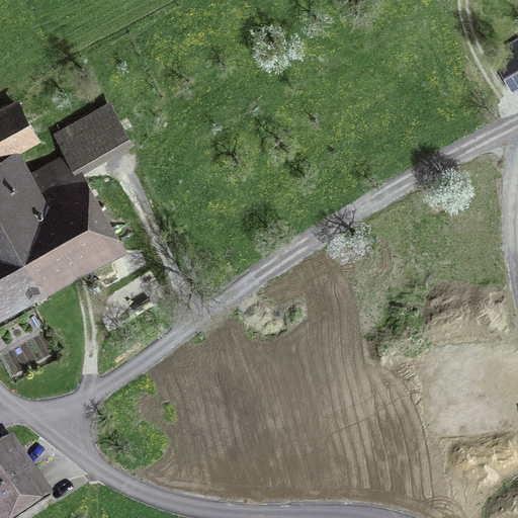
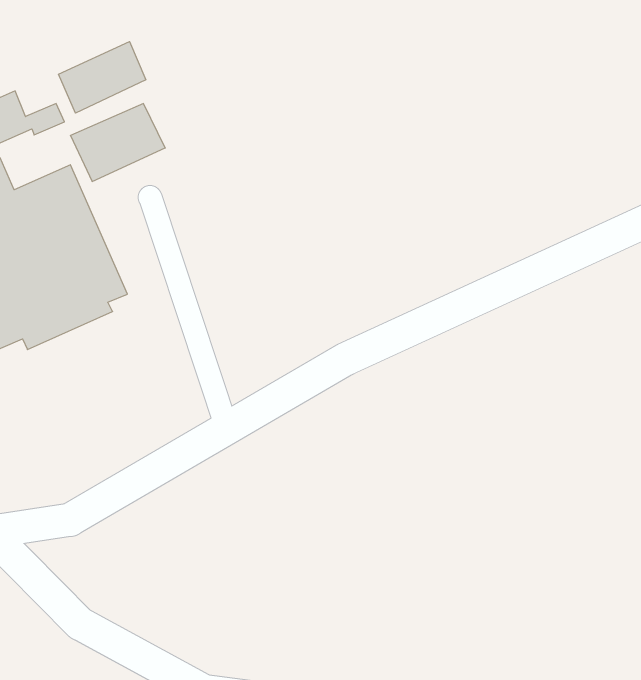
building: none -> [58,42,146,113]

